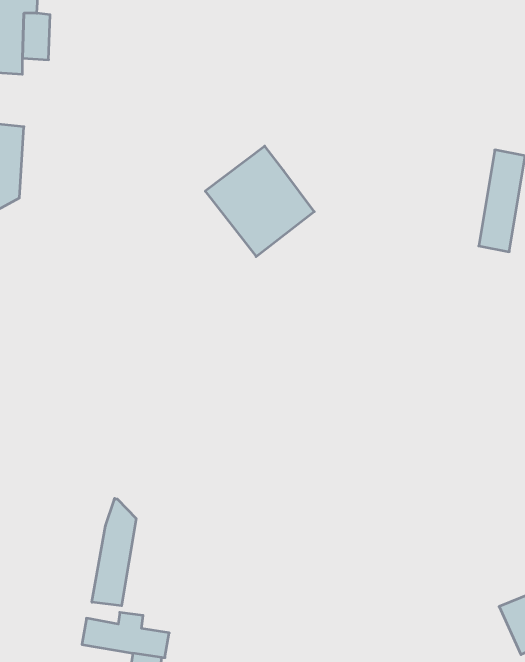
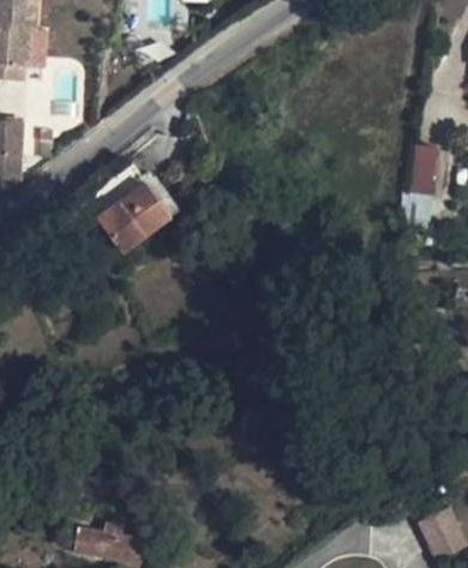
building: [205,146,314,257] -> [80,161,170,252]
building: [92,498,136,606] -> none

